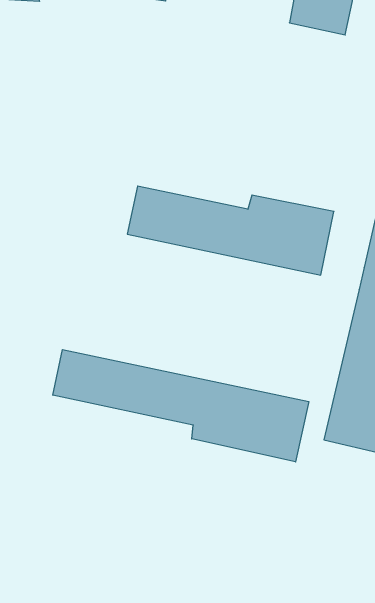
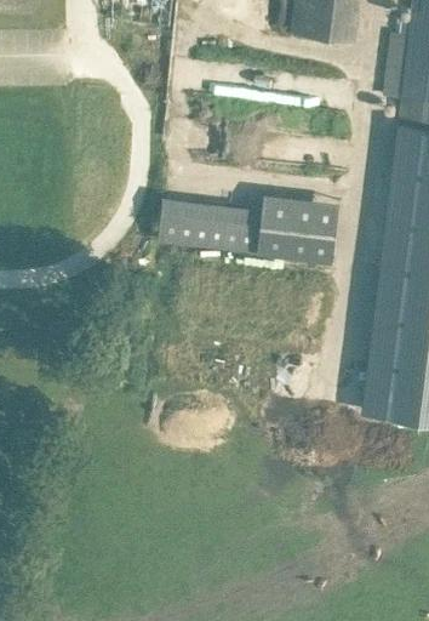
building: [53,350,309,462] -> none

